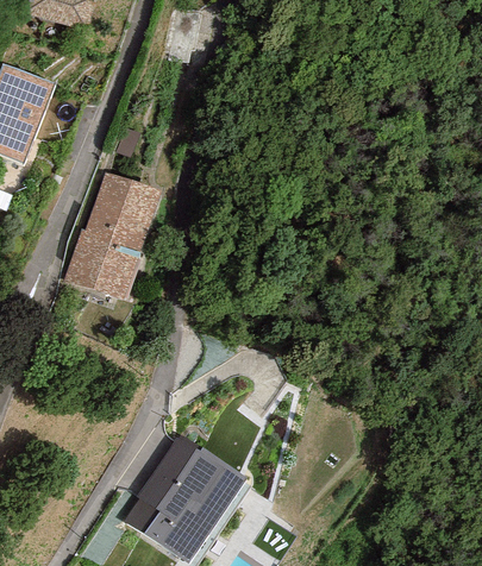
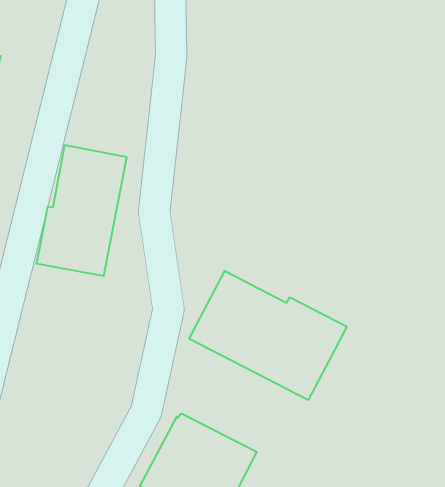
building: none -> [189,271,347,400]

